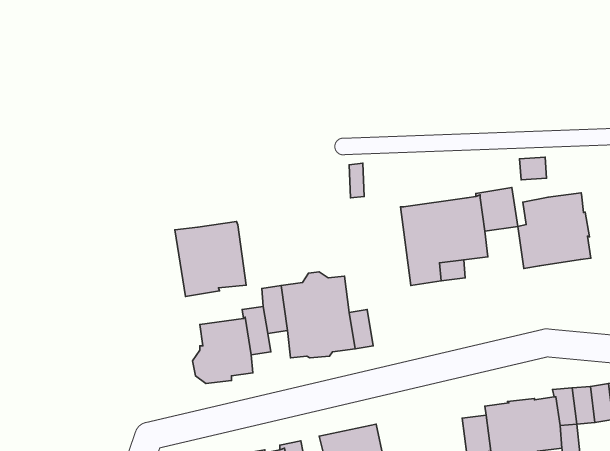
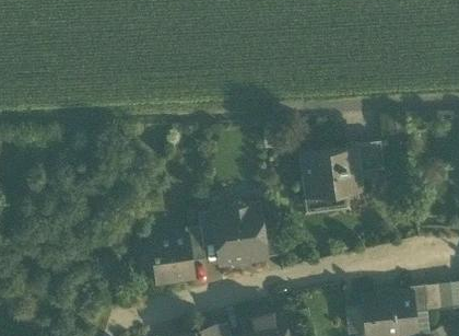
building: [518,193,591,268] -> none
building: [175,222,246,297] -> none

